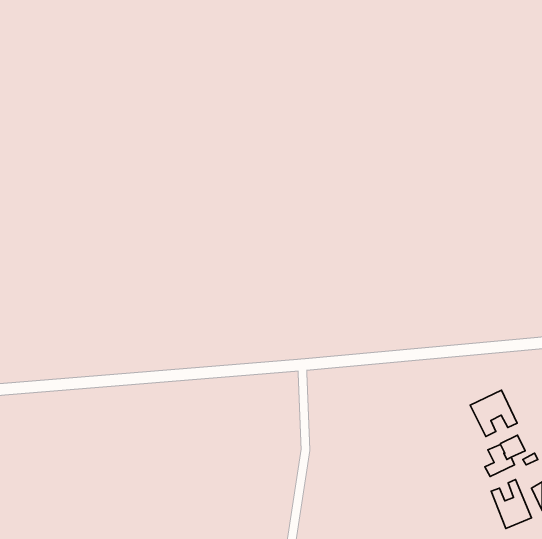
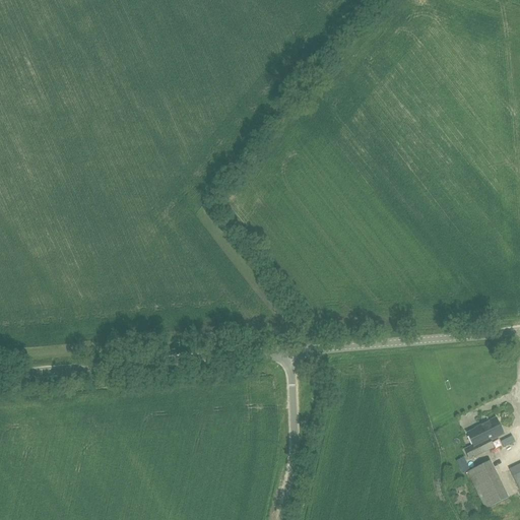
building: [470,390,517,436] -> none

